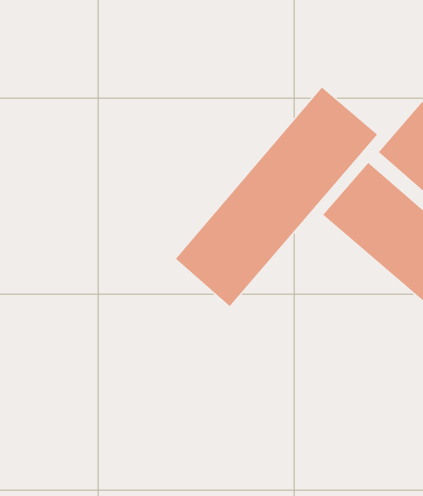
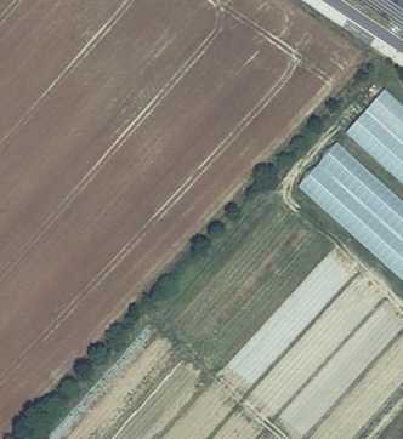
building: [175,86,378,307] -> none

